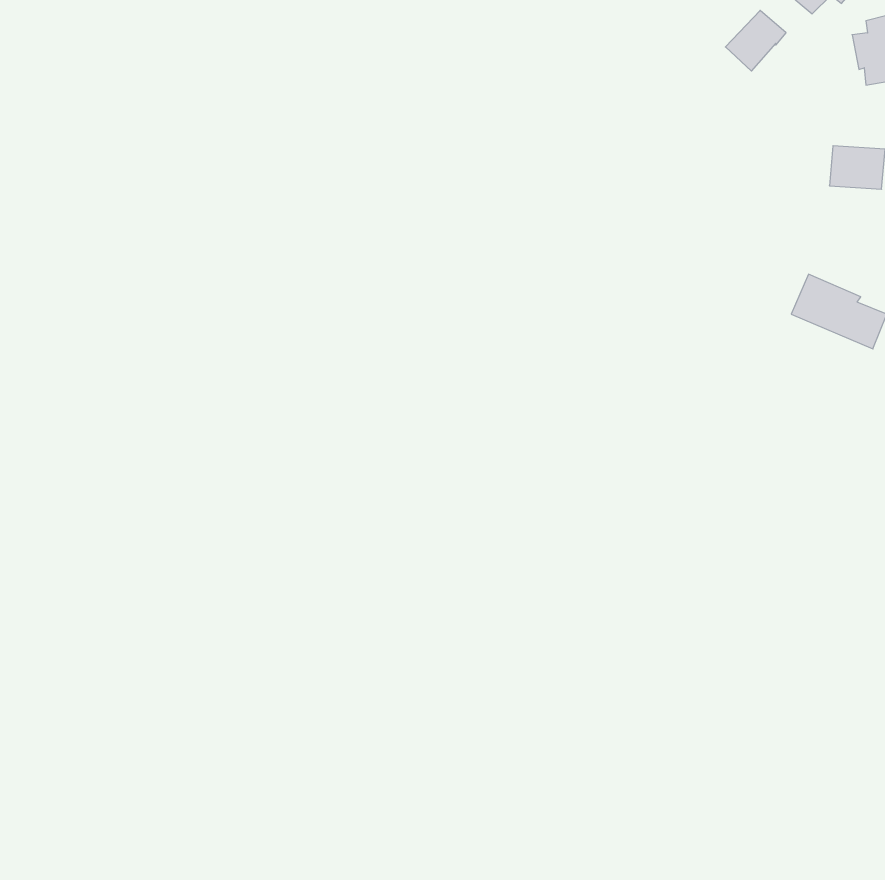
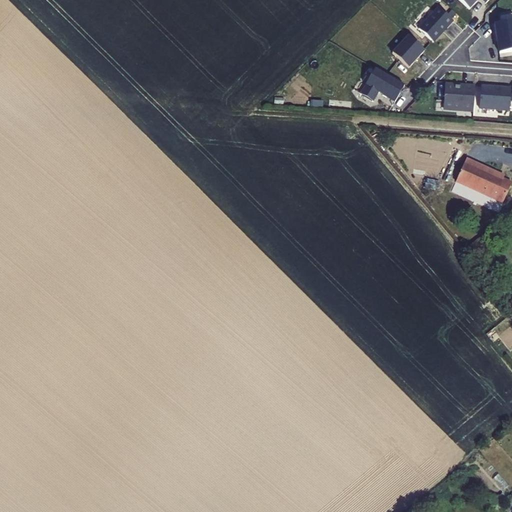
building: none -> [393,34,425,67]
building: none -> [361,67,405,100]
building: none -> [443,84,475,107]

